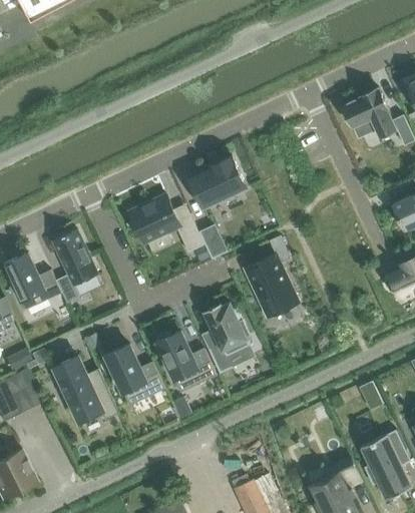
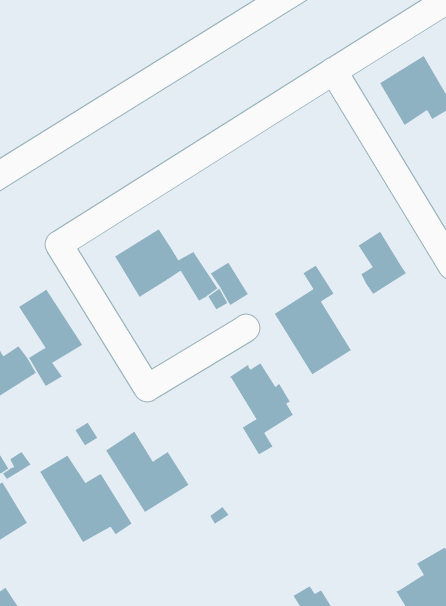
building: [187,156,246,207] -> none
building: none -> [357,231,407,295]
building: [156,331,217,393] -> none

